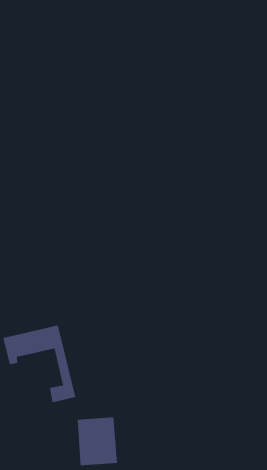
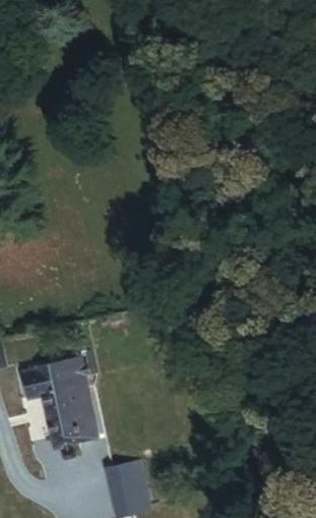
building: none -> [40,384,88,460]

